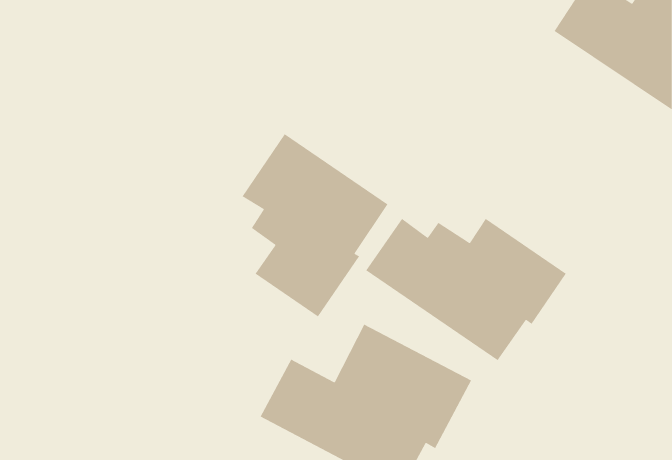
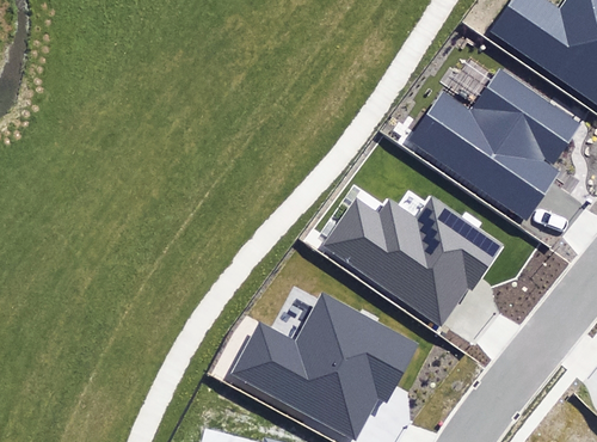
building: none -> [408,69,580,222]
building: [242,133,389,317] -> none

